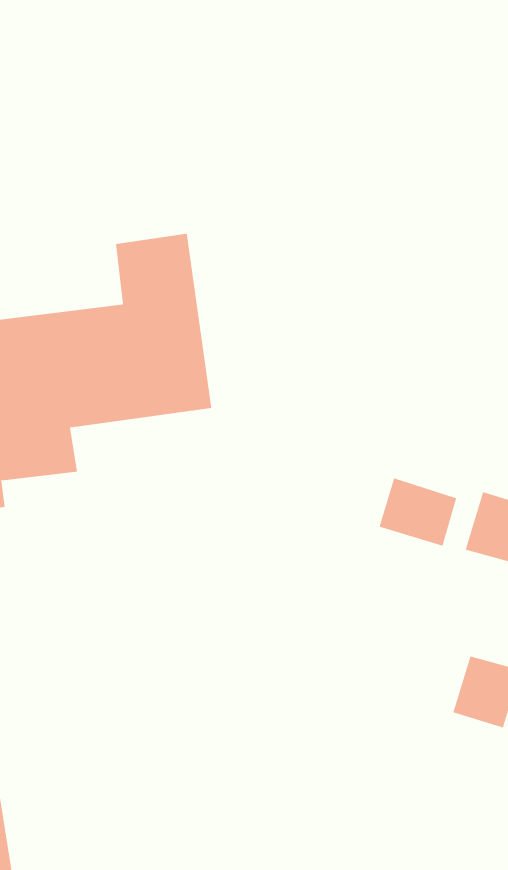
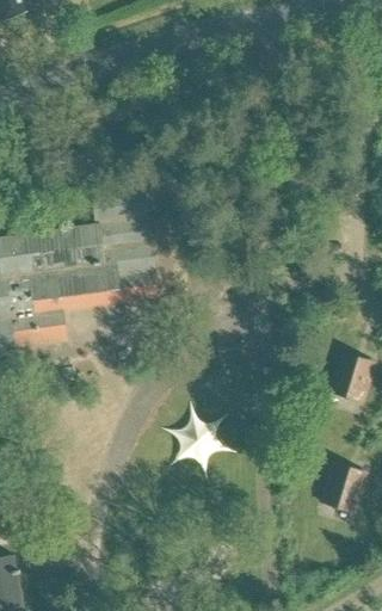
building: [379,478,457,546] -> none

